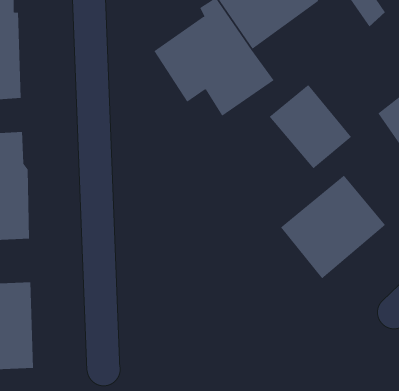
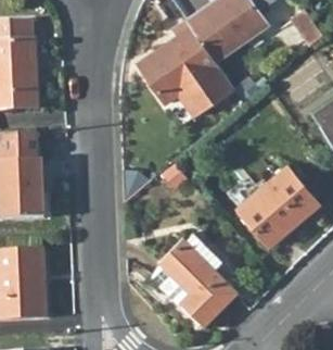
building: [269,84,352,169] -> none
building: none -> [150,236,238,324]

